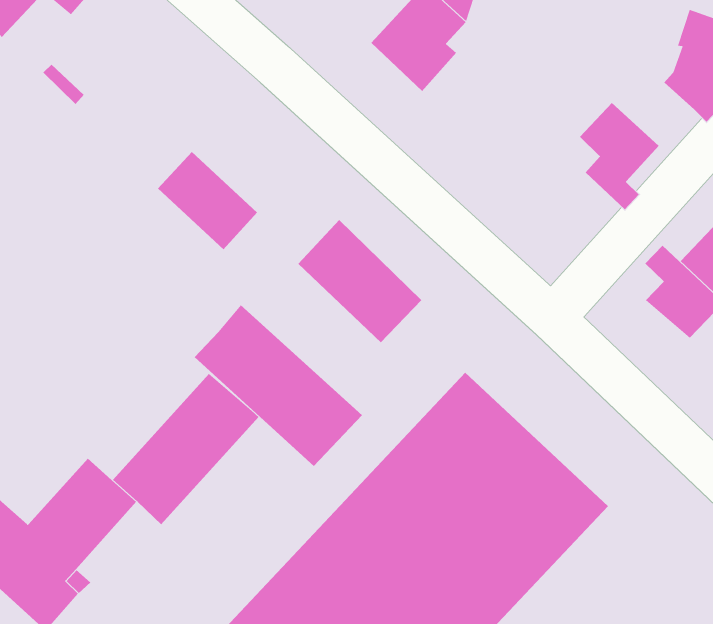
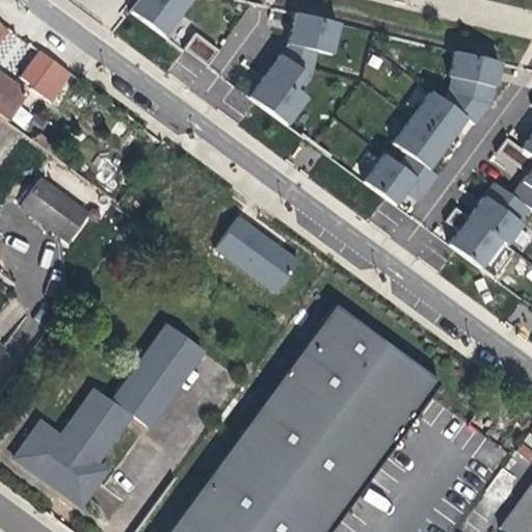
building: none -> [411,92,466,143]
building: [157,151,258,250] -> [22,179,89,241]
building: none -> [364,156,428,206]
building: [194,304,363,467] -> none

